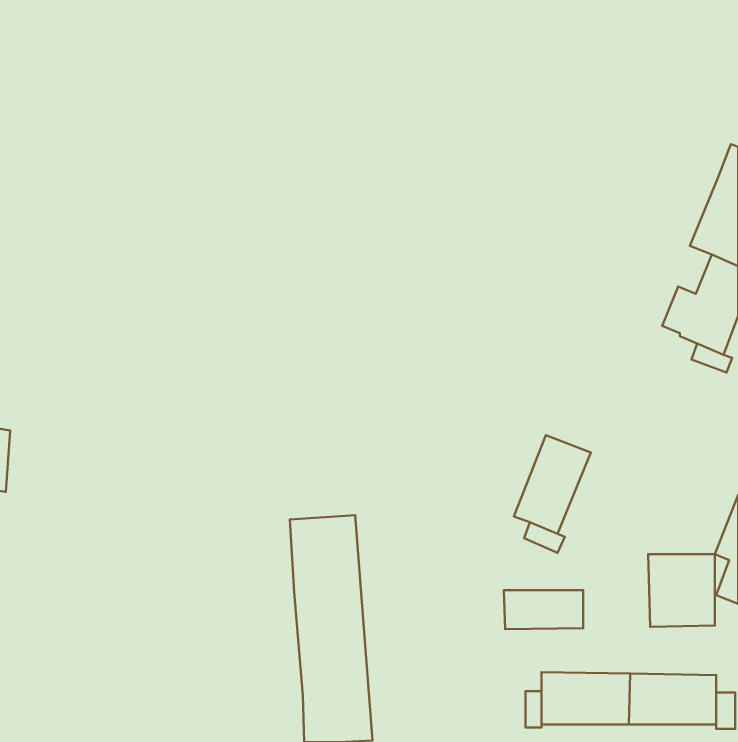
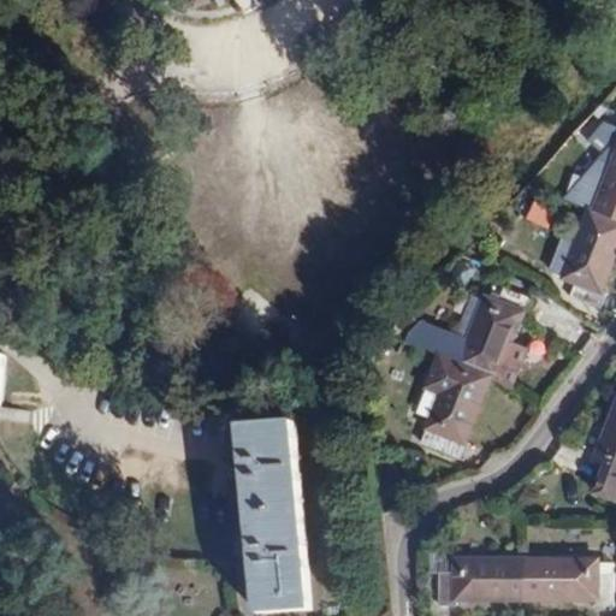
building: none -> [403,286,532,387]
building: [648,554,715,627] -> none
building: [504,590,583,629] -> none

